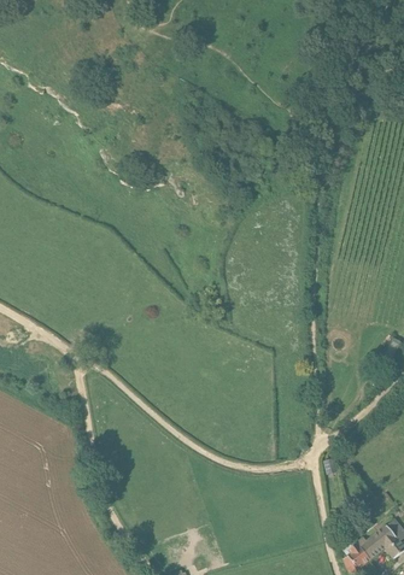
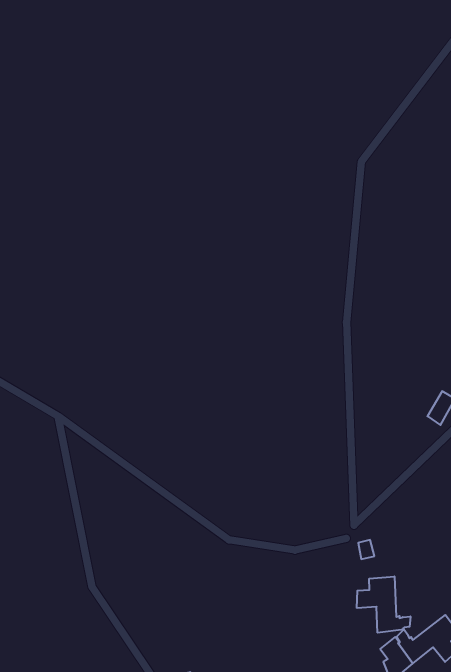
building: none -> [357,576,410,633]

